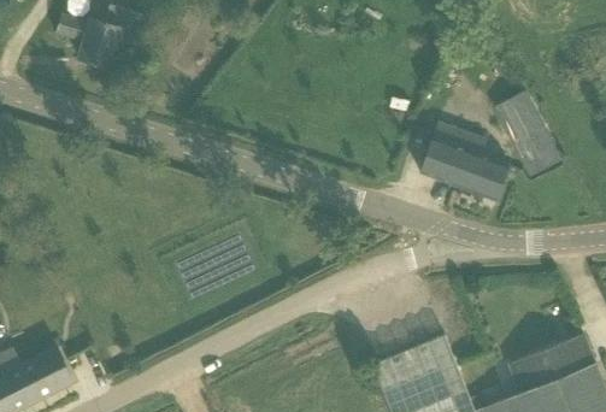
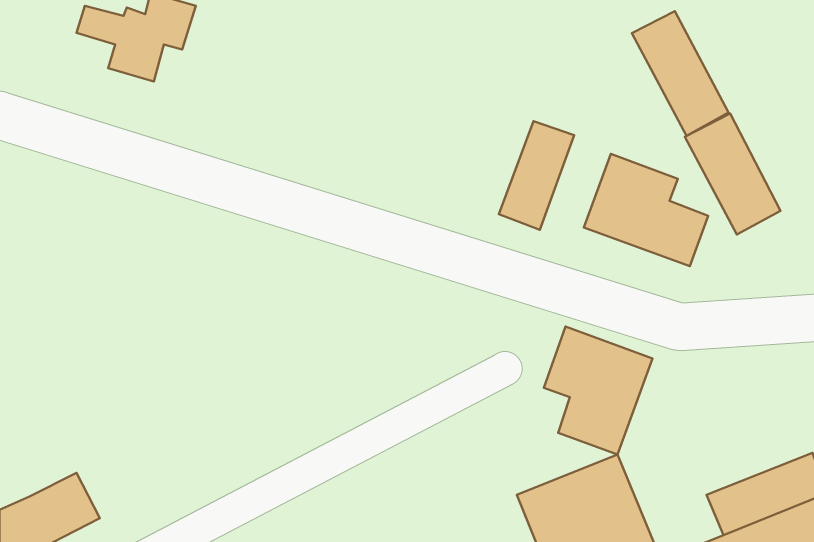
building: none -> [632,11,728,136]
building: none -> [499,121,574,230]
building: none -> [544,327,653,454]

